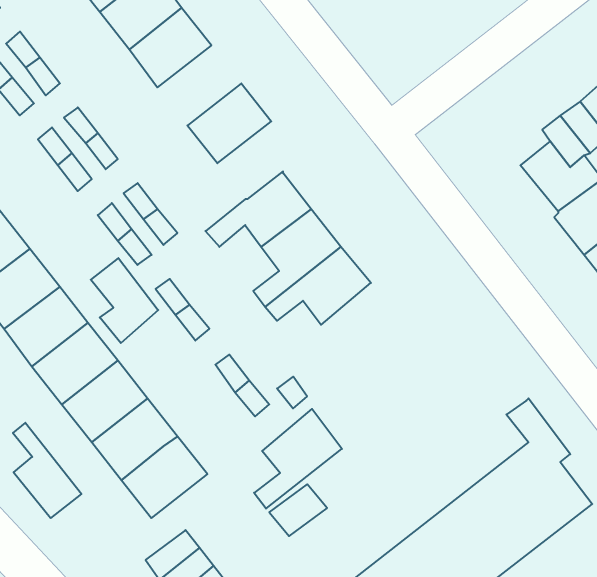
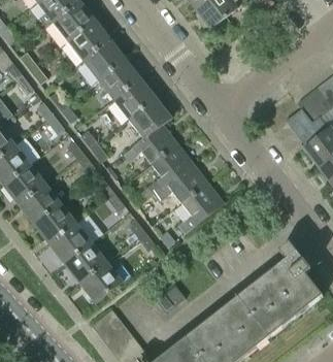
building: none -> [97,59,140,100]
building: none -> [128,98,171,138]
building: [91,258,158,343] -> none
building: [254,409,342,509] -> [177,182,223,233]
building: [13,423,81,518] -> none

